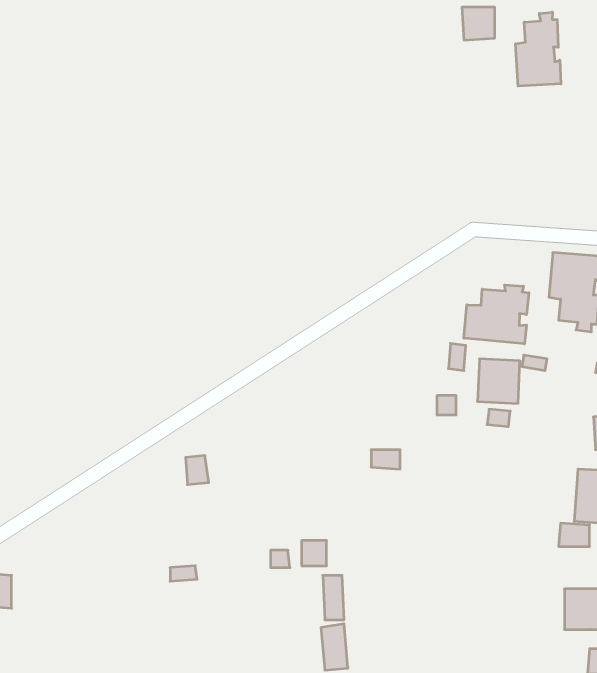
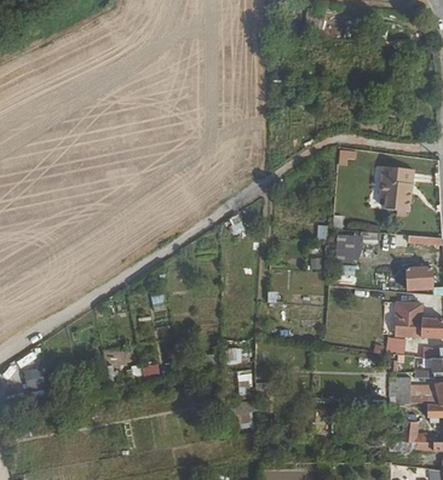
building: [516,12,561,86] -> none
building: [464,285,529,344] -> none

